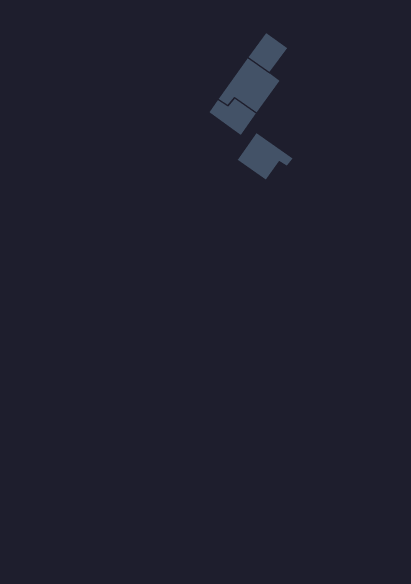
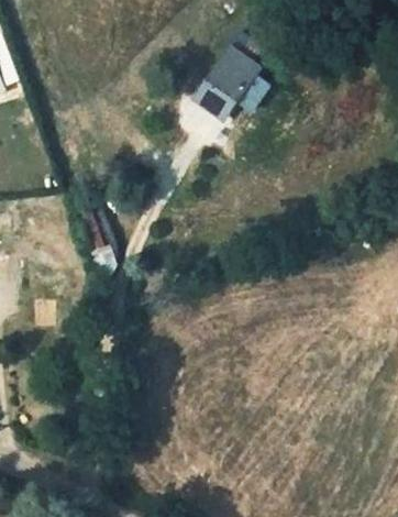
building: [237,132,293,180] -> none

